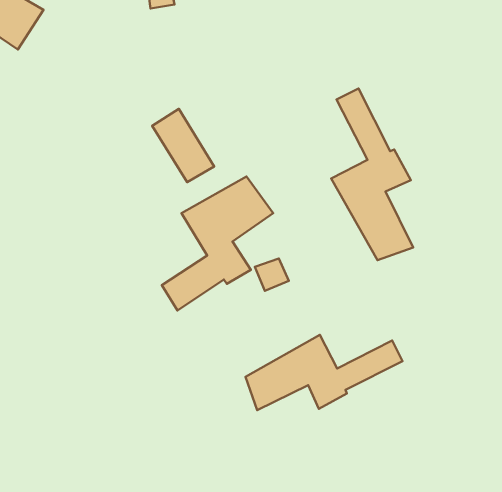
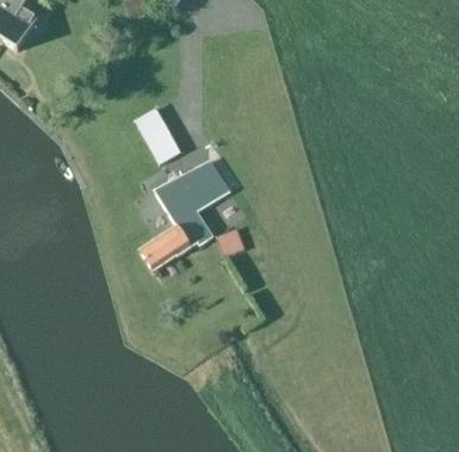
building: [331,88,413,260] -> none
building: [245,335,403,410] -> none

